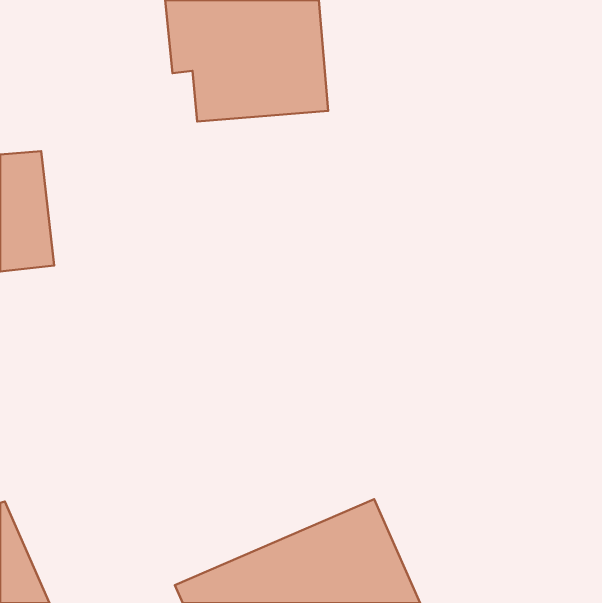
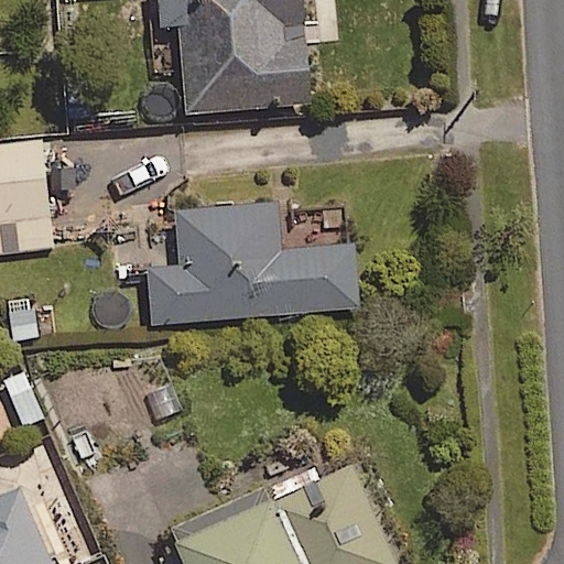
building: none -> [147,204,357,325]

